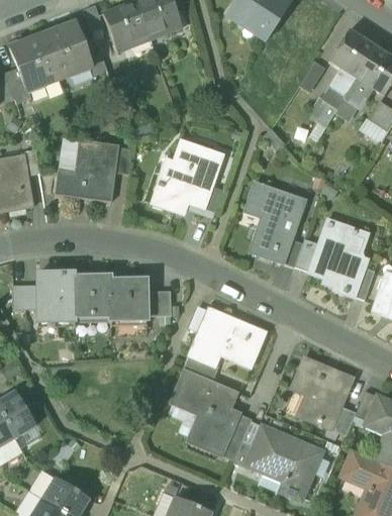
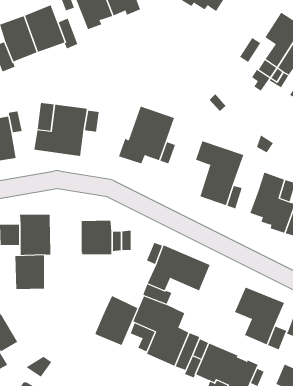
building: [295,237,321,271] -> none
building: [74,276,110,317] -> [15,255,45,290]
building: none -> [94,295,138,346]

